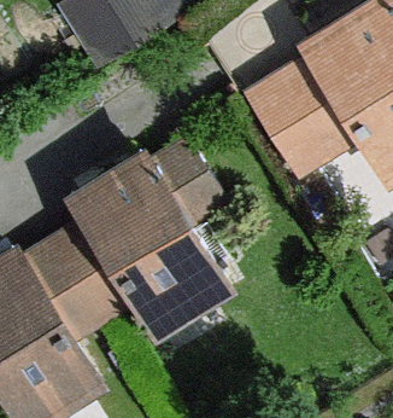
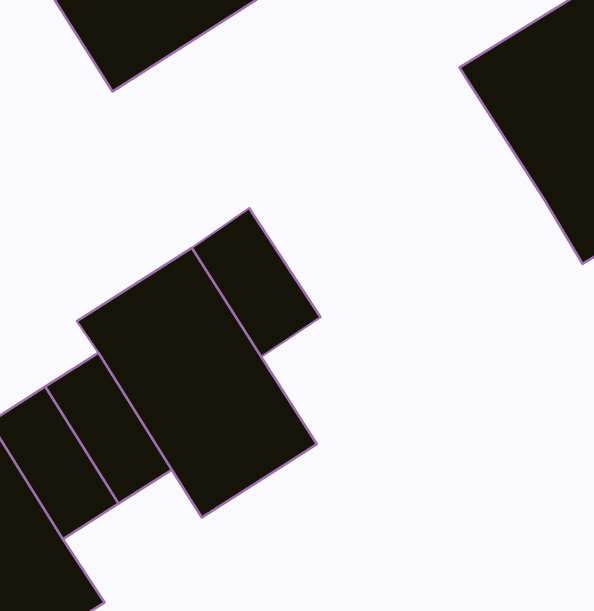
building: [247,59,358,170] -> none

